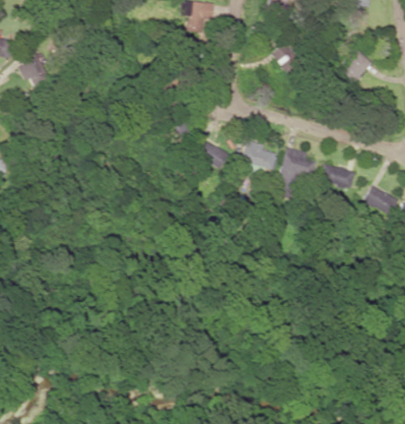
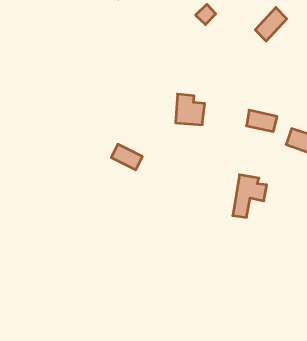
building: [193,137,227,167] -> [111,144,142,170]
building: [276,146,316,194] -> [233,175,267,217]

